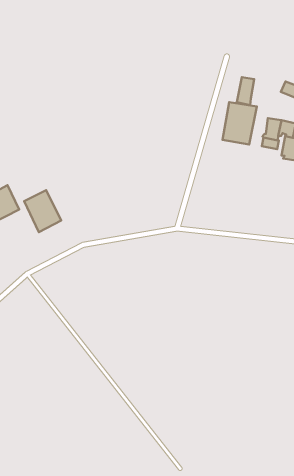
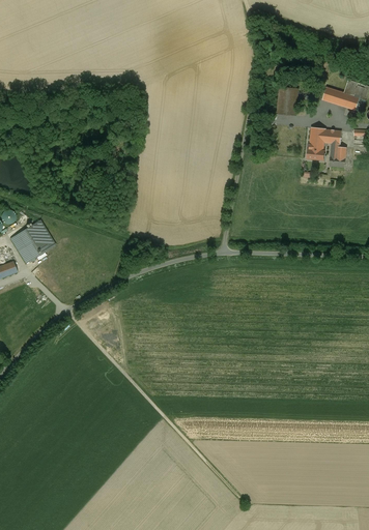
building: [223,102,257,144] -> none
building: [24,190,61,232] -> none

